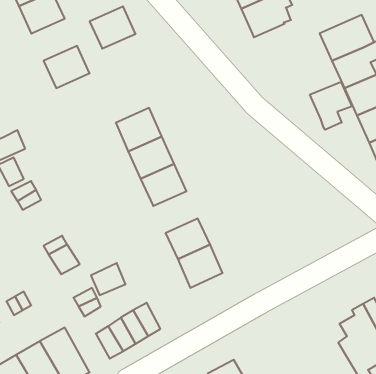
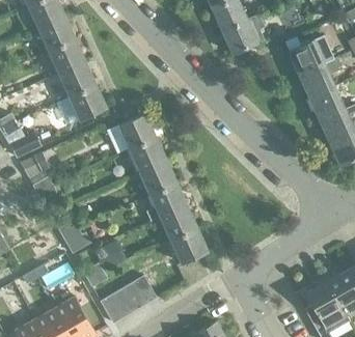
building: [90,6,136,49] -> [47,38,85,74]
building: none -> [67,84,106,119]
building: [310,82,352,130] -> none
building: none -> [148,182,186,218]

